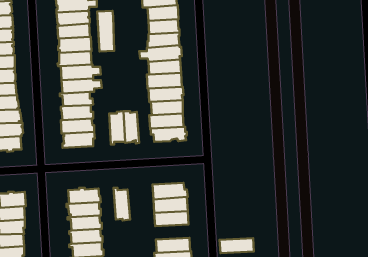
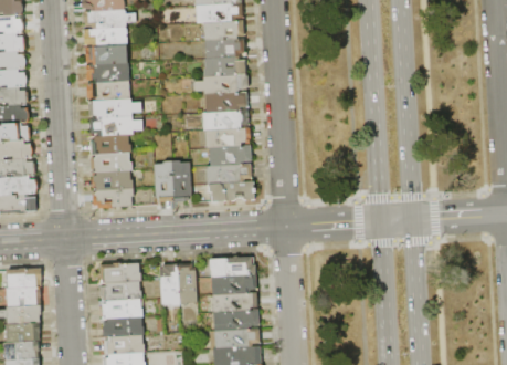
building: [97,11,114,52] -> none
building: none -> [178,261,198,305]
building: [220,238,254,253] -> [214,312,260,332]

